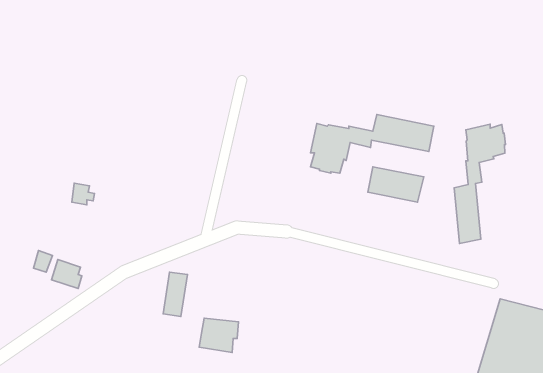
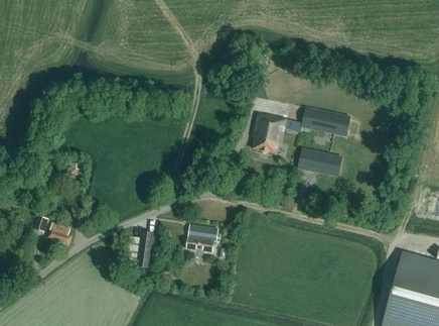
building: [454,124,505,244] -> none
building: [199,318,238,352] -> [186,225,217,252]

